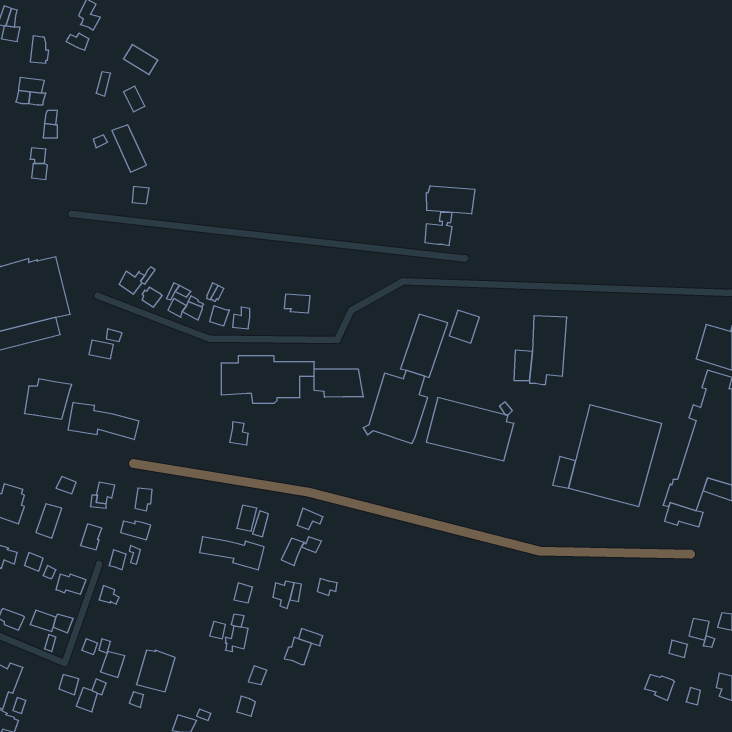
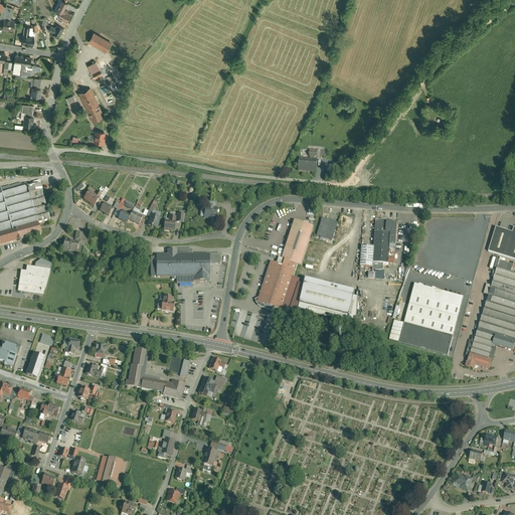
building: [426,186,475,214] -> none
building: [314,369,363,397] -> none
building: [68,402,139,440] -> none
building: none -> [124,347,159,387]

